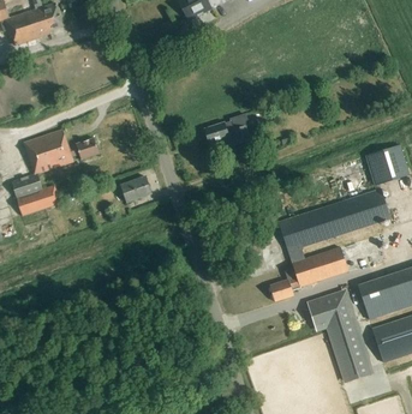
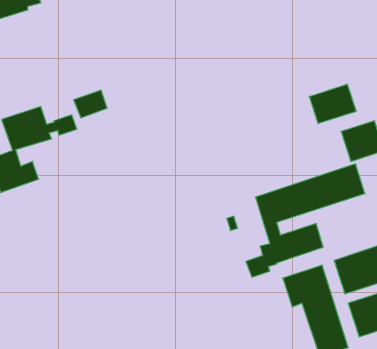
building: none -> [309,84,356,124]
building: [204,113,250,143] -> none
building: [118,175,151,203] -> [74,90,107,118]

